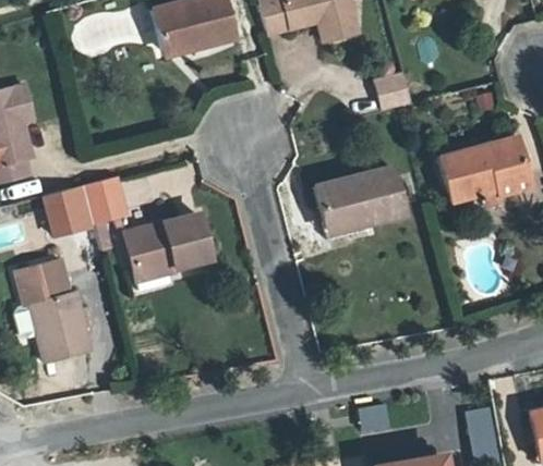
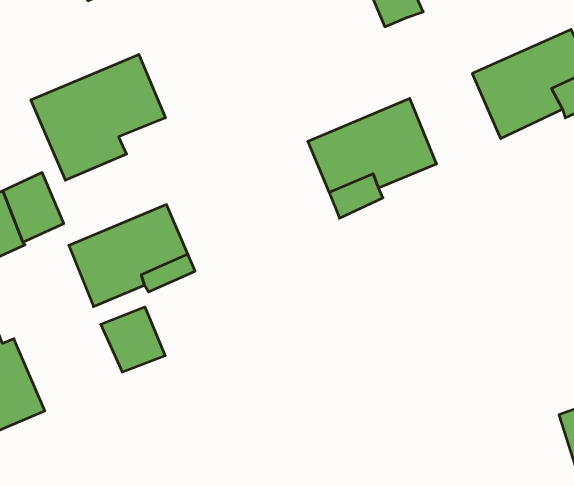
building: none -> [31,54,165,180]
building: none -> [101,307,165,372]

